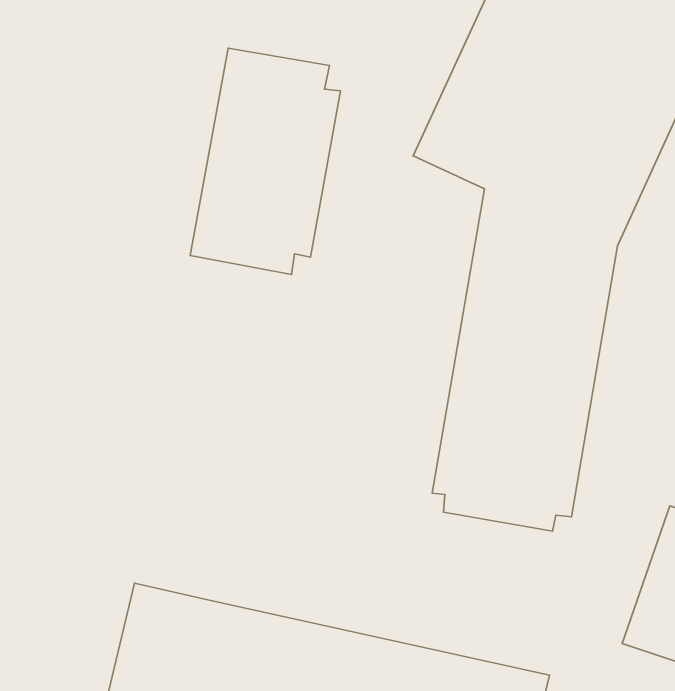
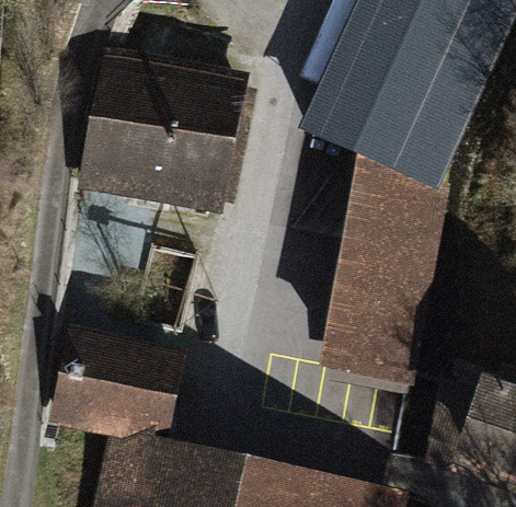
building: none -> [74,47,177,205]
building: none -> [48,325,187,443]

